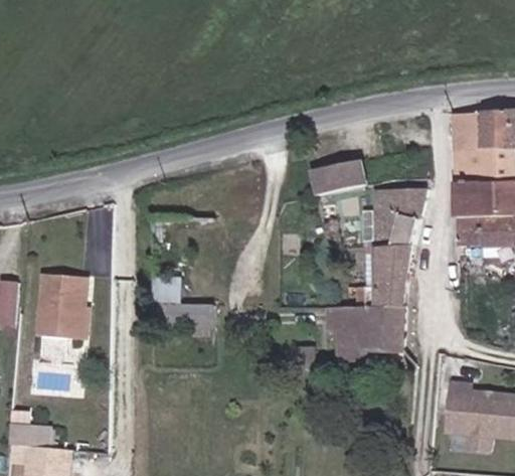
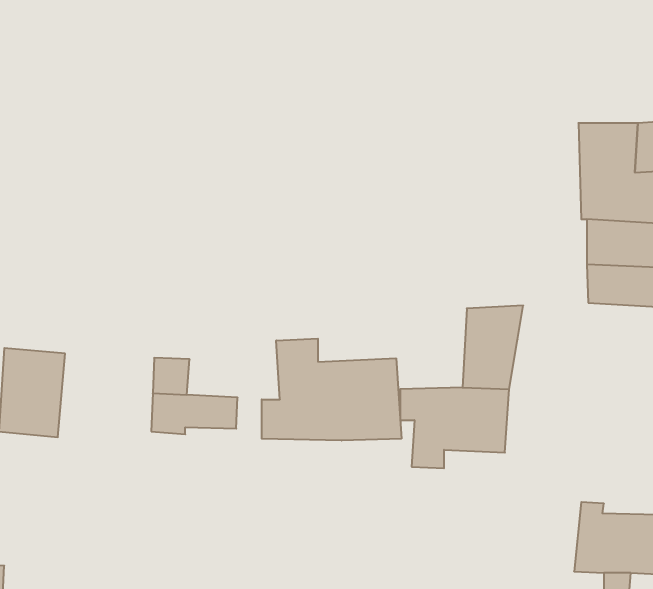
building: [308,164,364,202] -> none
building: [373,188,424,247] -> none
building: none -> [262,339,401,441]

